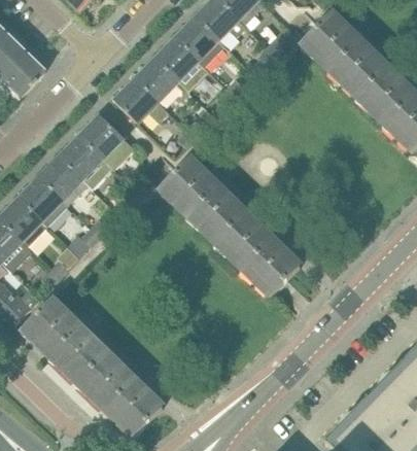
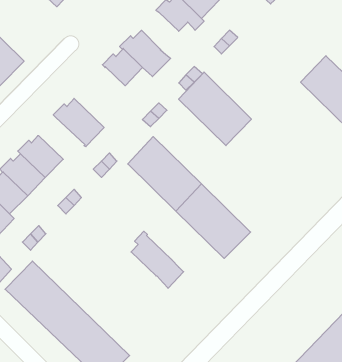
building: [304,11,386,95] -> [179,72,251,146]
building: [173,15,224,64] -> none
building: [112,77,170,120] -> none
building: [57,135,113,186] -> none
building: none -> [131,231,184,288]

